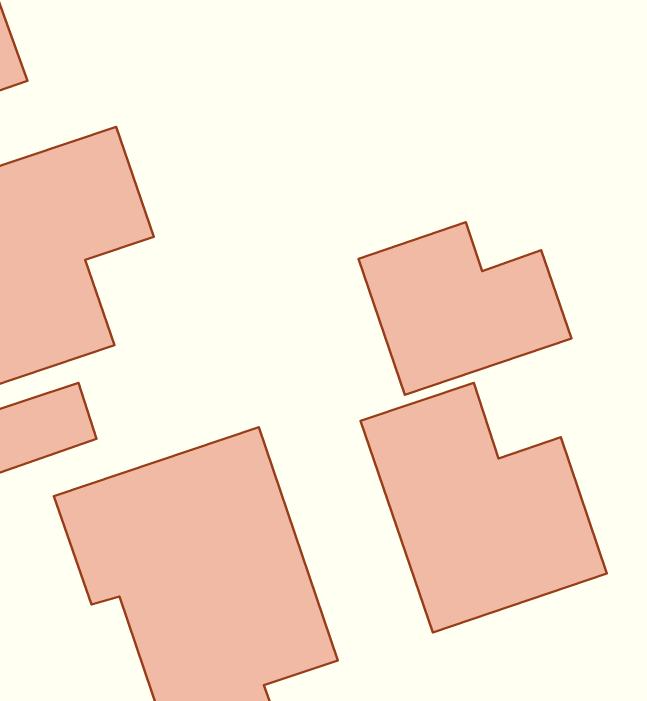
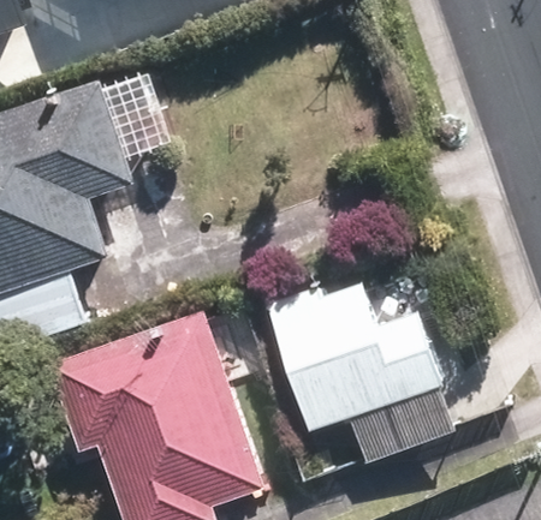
building: [359,222,572,395] -> none

